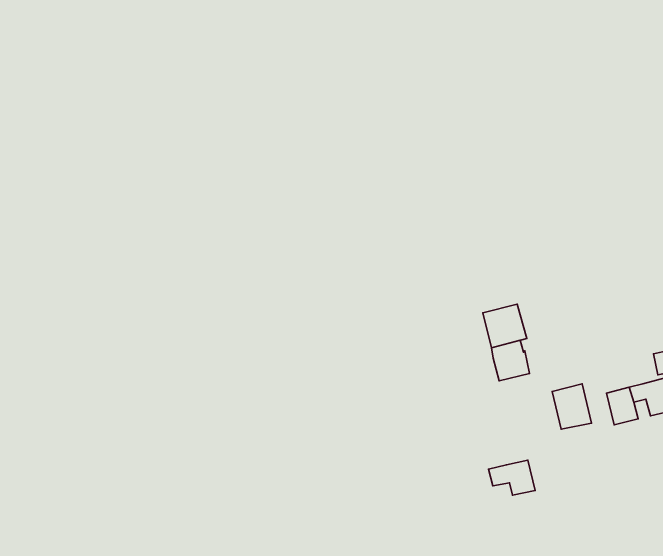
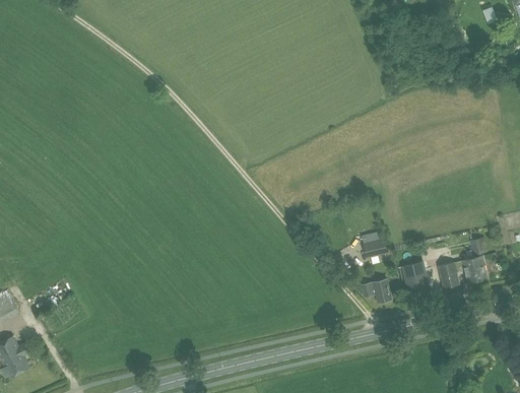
building: [483,304,527,348] -> none
building: [488,460,535,495] -> [360,279,391,303]

